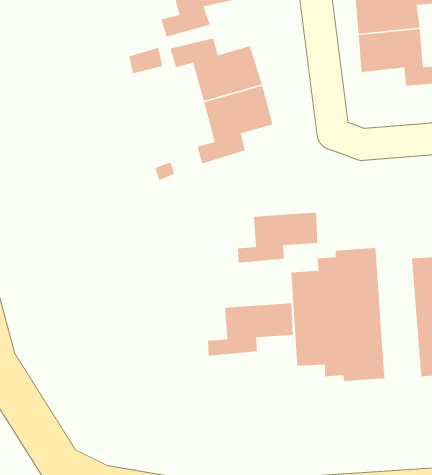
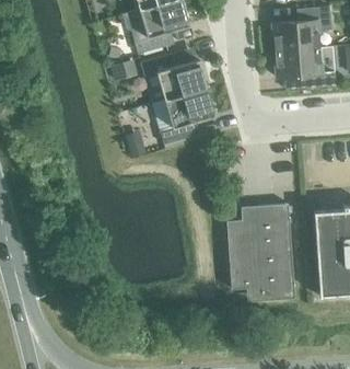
building: [237,212,318,264] -> none
building: [207,302,294,357] -> none

